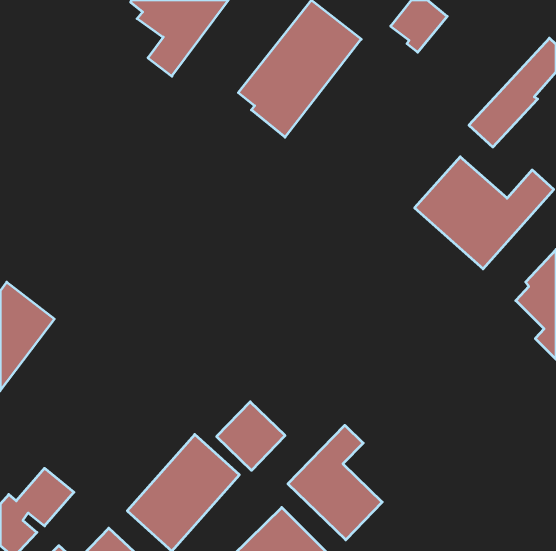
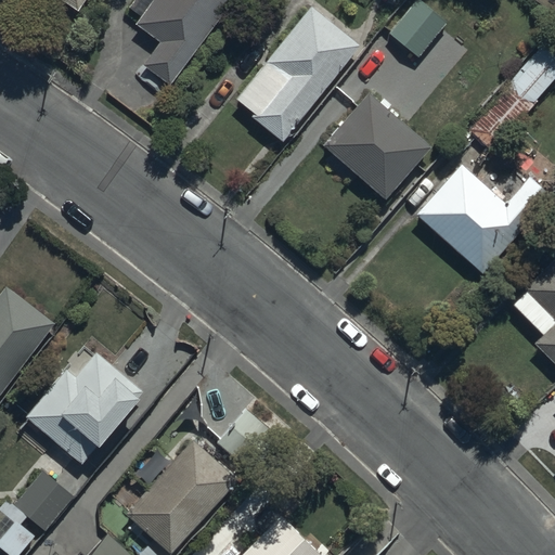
building: none -> [321,91,430,198]
building: none -> [31,354,146,465]
building: [288,425,382,540] -> none

